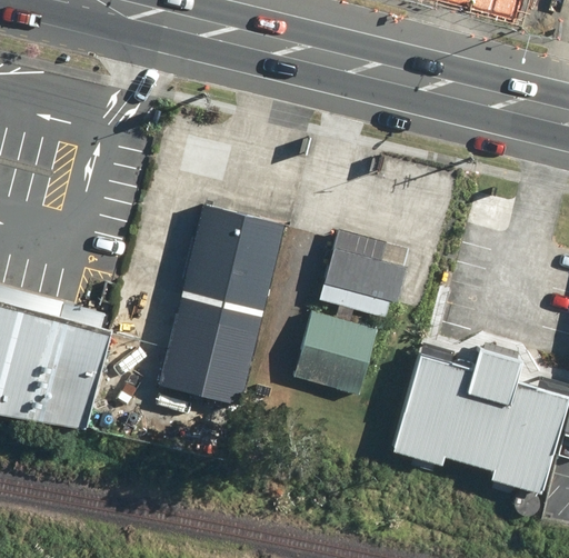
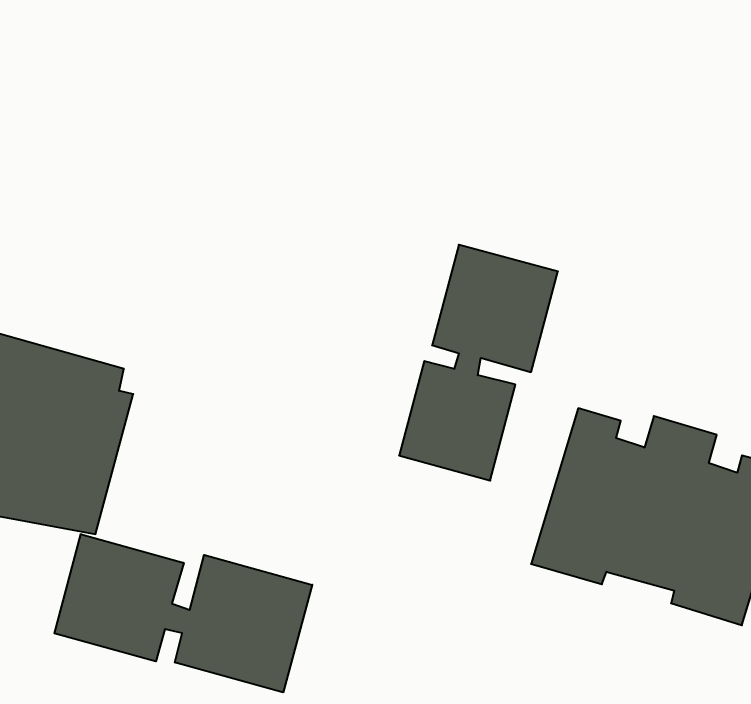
building: [164,202,284,401] -> none
building: none -> [54,534,312,692]

